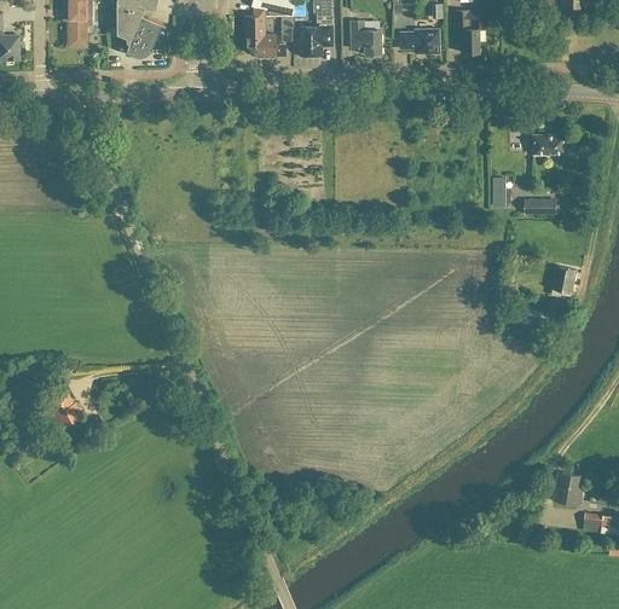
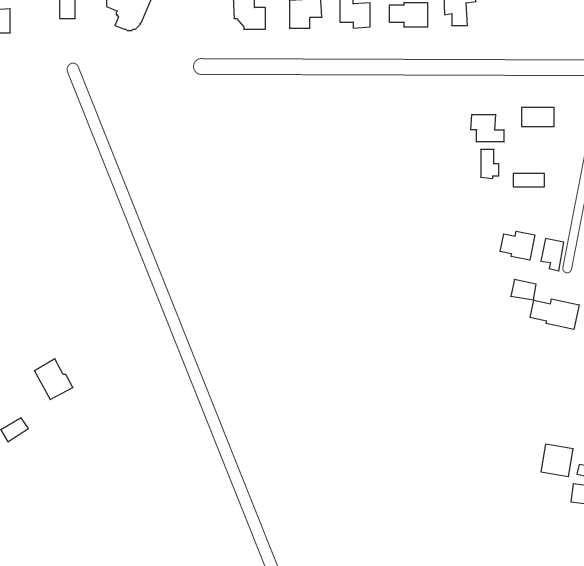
building: none -> [471,114,504,142]
building: none -> [500,231,535,260]
building: none -> [530,299,579,329]

